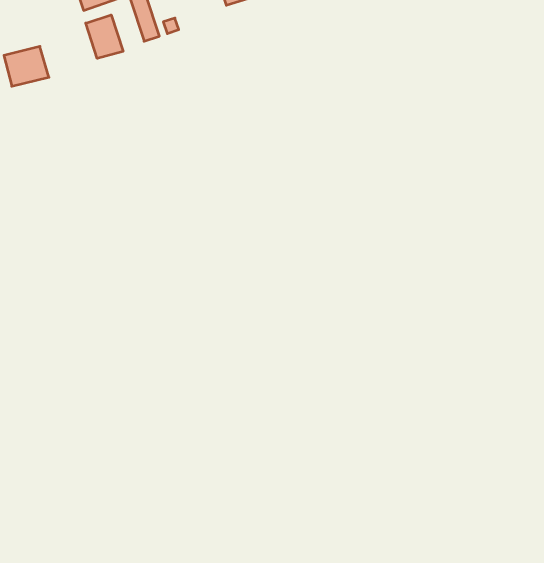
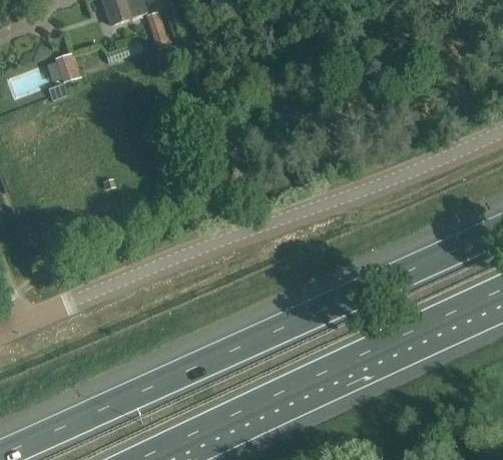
building: [86,15,123,58] -> none

